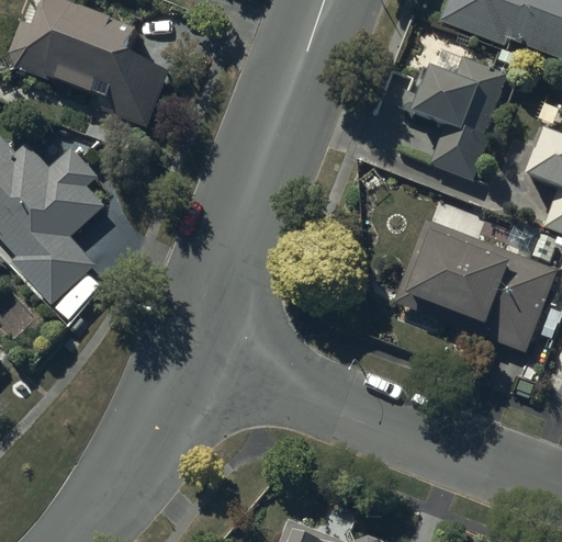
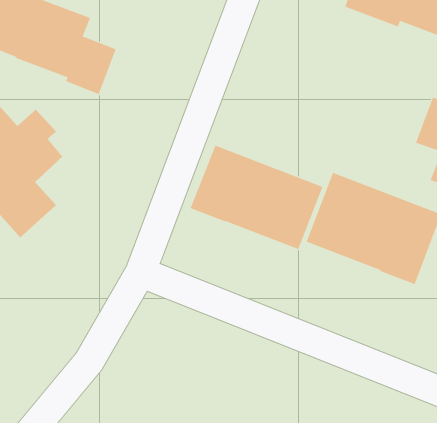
building: [400,58,507,180] -> none
building: none -> [190,145,323,250]

